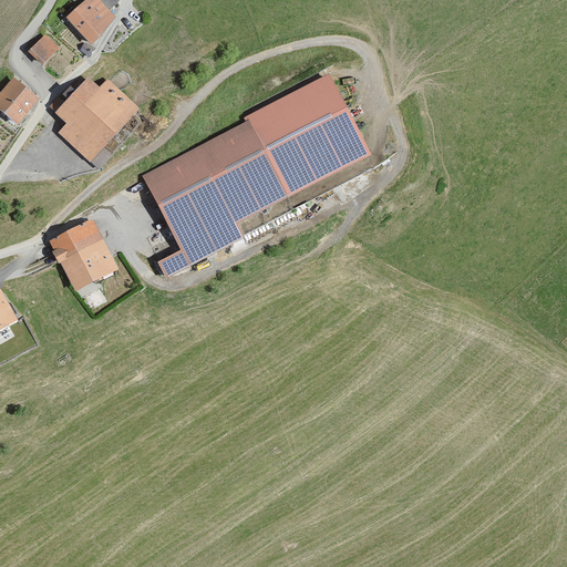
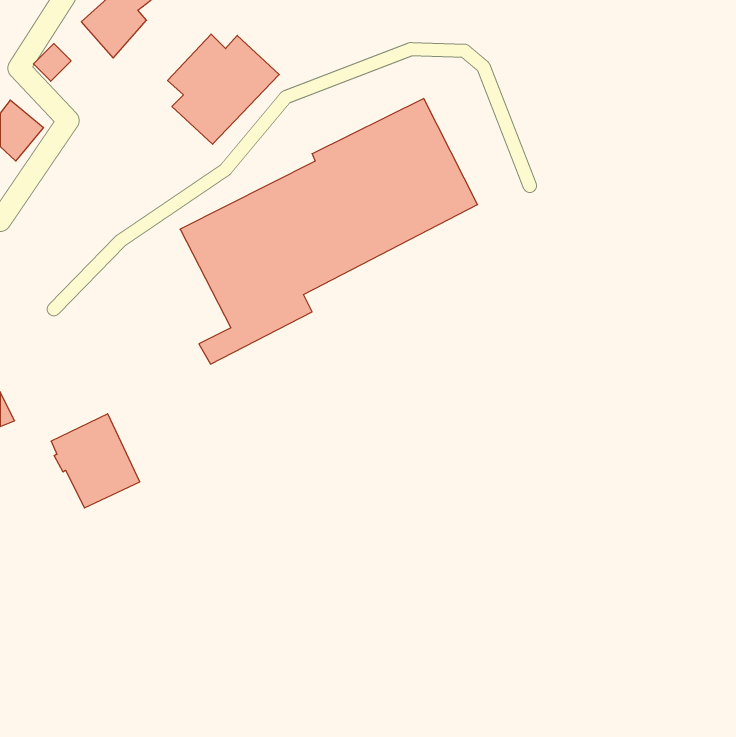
building: [54,76,140,161] -> [168,34,279,144]
building: [49,219,116,291] -> [51,414,140,508]

